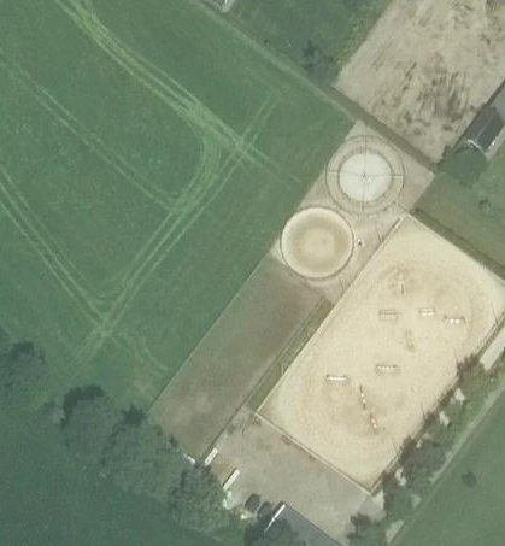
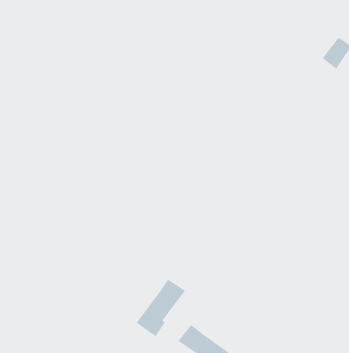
building: none -> [136,279,186,337]

